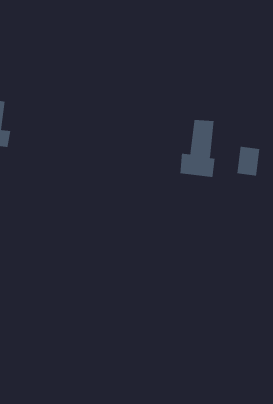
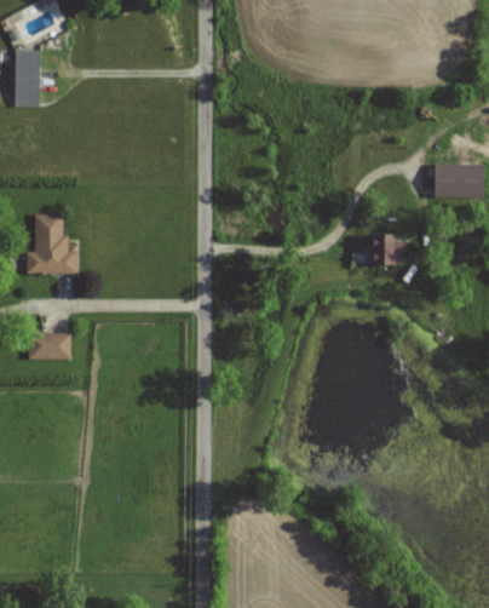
building: [180,119,215,178] -> none

